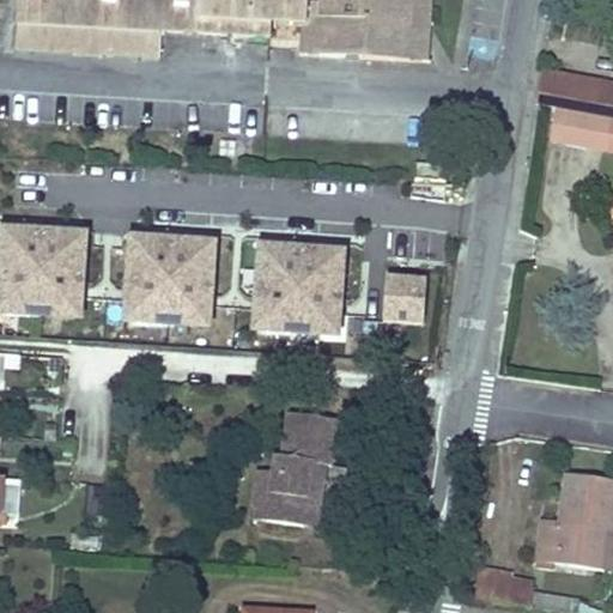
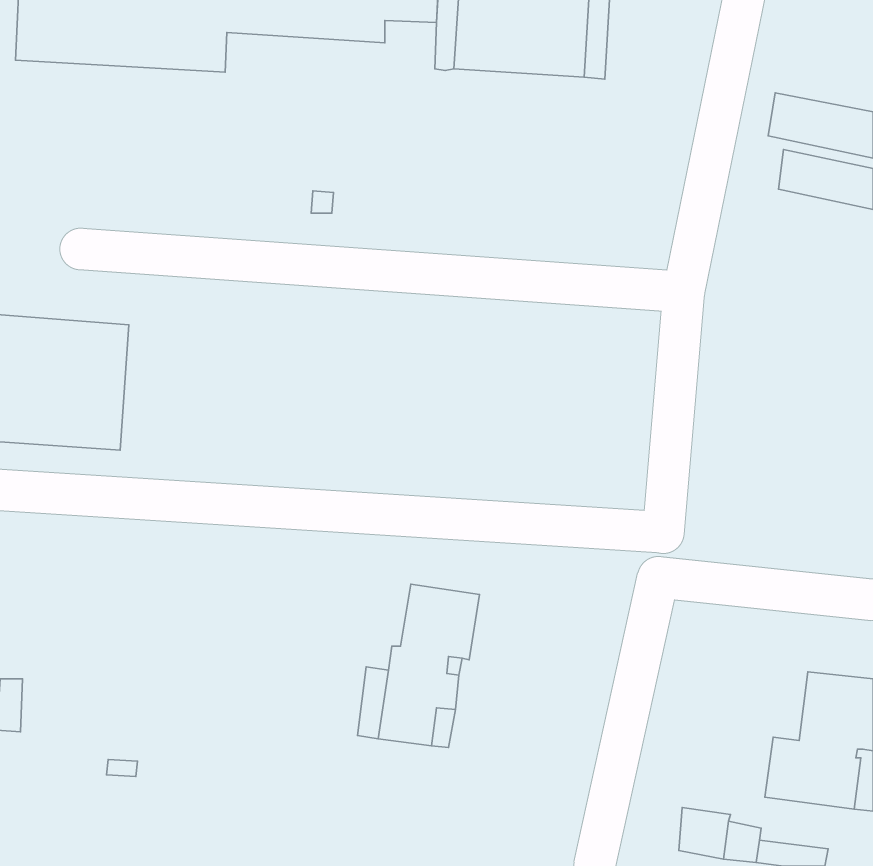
building: [123,229,220,327] -> none
building: [254,238,347,334] -> none
building: [383,278,426,326] -> none

